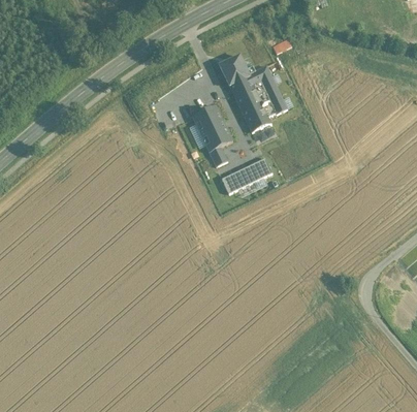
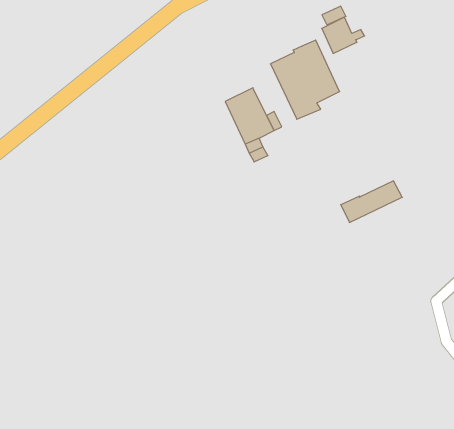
building: [221,56,256,86] -> [322,17,365,53]
building: [222,159,272,193] -> [341,181,402,222]

